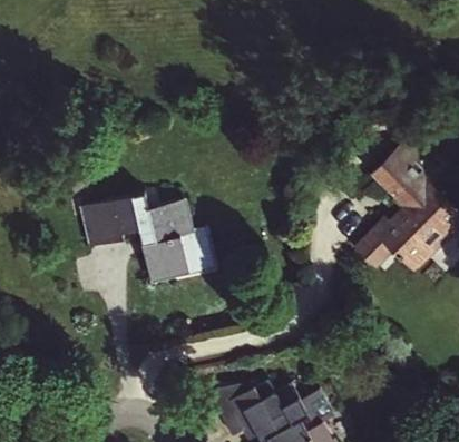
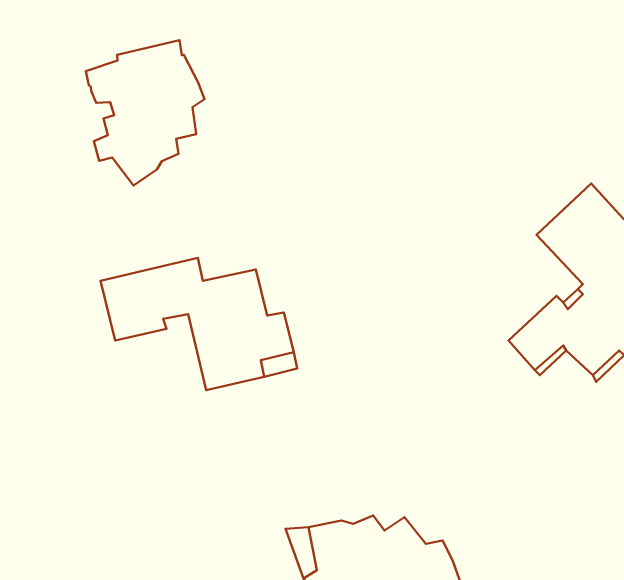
building: none -> [86,40,204,186]

